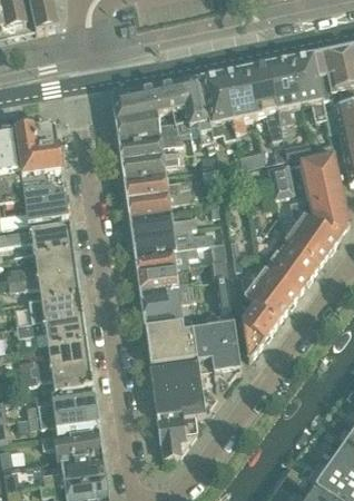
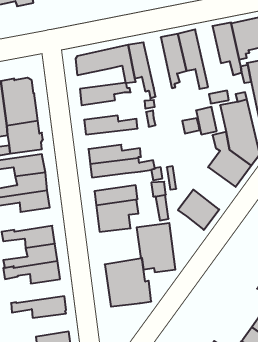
building: [266,56,299,125] -> none
building: [198,70,236,139] -> none
building: [114,107,176,137] -> none
building: [119,148,184,177] -> none
building: [125,188,193,215] -> none
building: [263,238,318,293] -> none
building: [132,244,197,269] -> none
building: [29,291,81,322] -> none
building: [242,302,277,357] -> none
building: [142,316,196,364] -> none
building: [26,383,97,414] -> none
building: [157,414,197,455] -> none
building: [41,428,102,459] -> none

